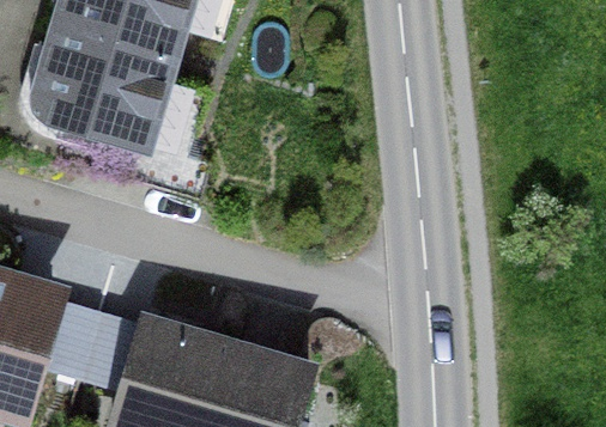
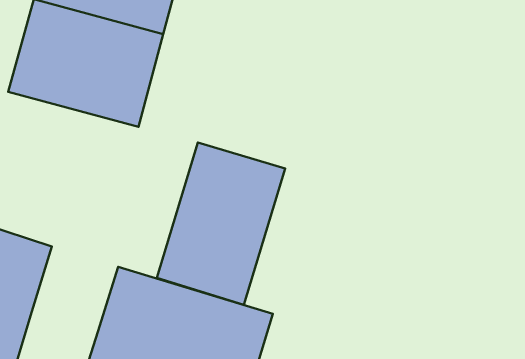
building: none -> [157,142,285,305]
building: [43,294,140,390] -> none

